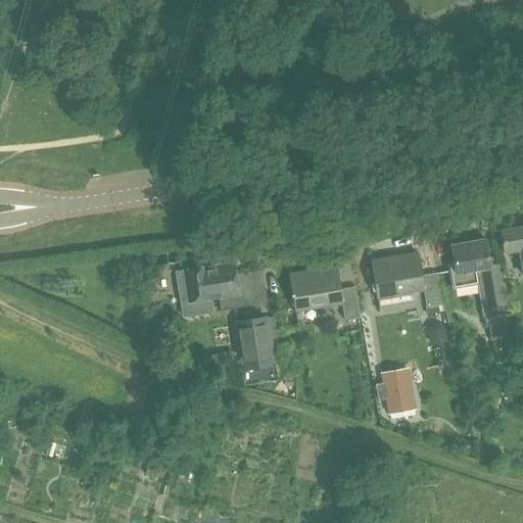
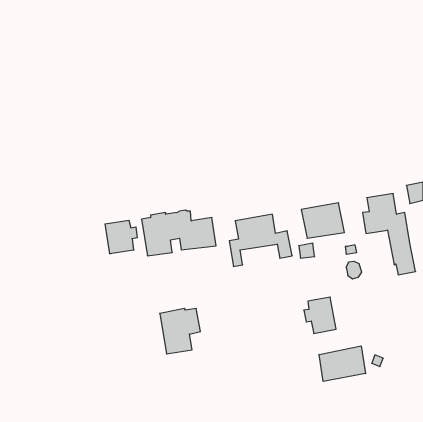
building: none -> [105,220,137,254]
building: [235,316,285,372] -> [160,308,200,354]
building: none -> [319,346,366,381]

